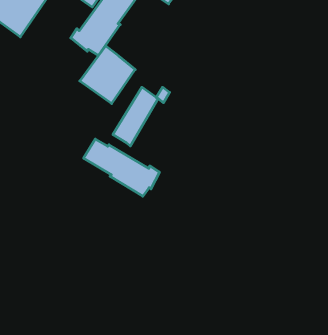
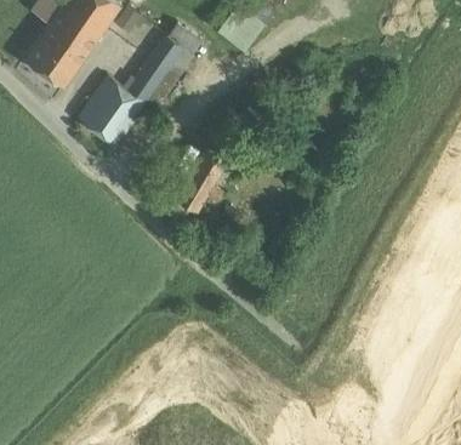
building: [80,46,135,104] -> [78,76,143,144]
building: [84,139,159,196] -> none

